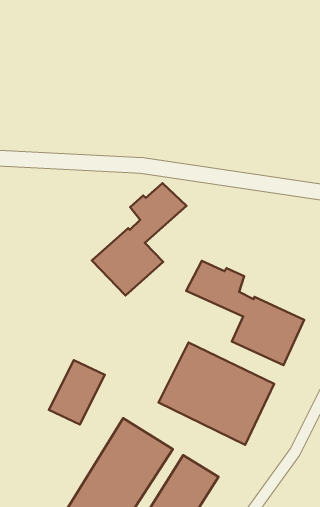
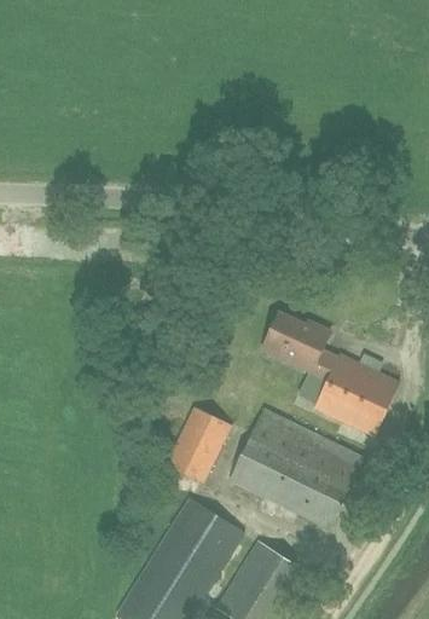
building: [92,183,186,296] -> none
building: [49,360,105,424] -> [166,407,231,482]

